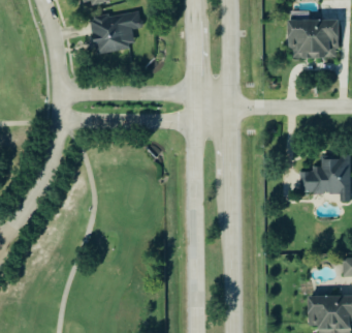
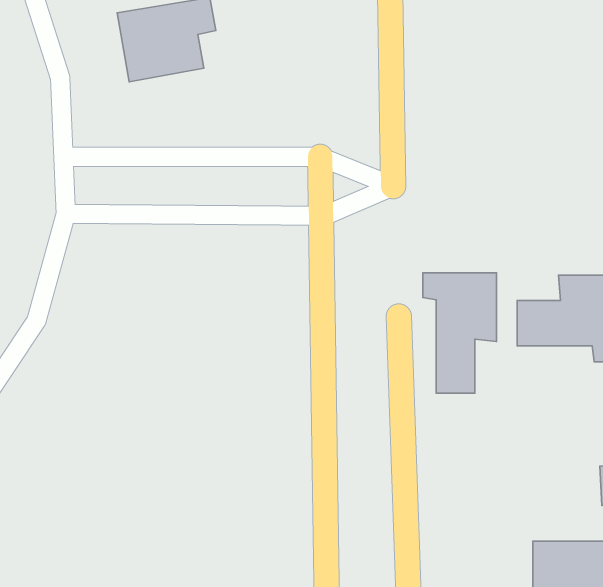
building: [287,19,338,58] -> none
building: none -> [423,273,497,393]

